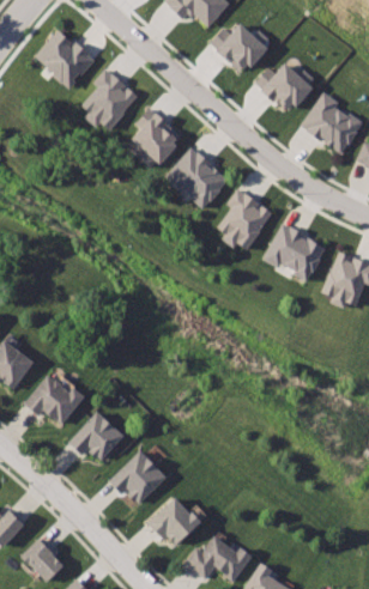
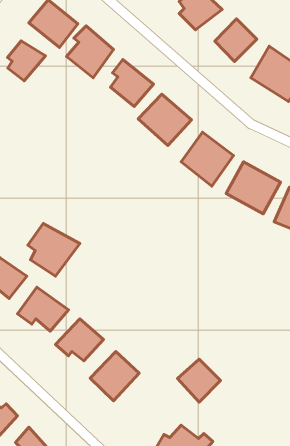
building: none -> [7,41,46,81]
building: none -> [28,223,80,276]
building: [151,497,201,547] -> [178,359,221,402]

